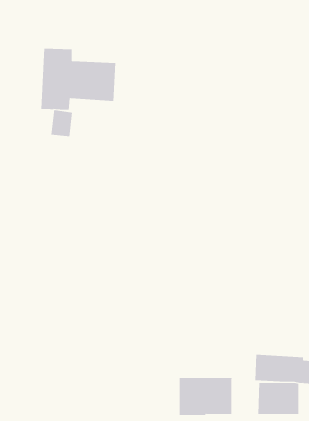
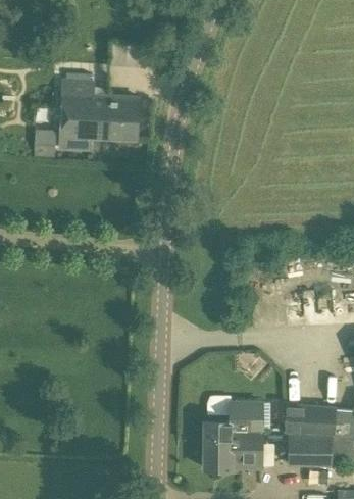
building: [51,110,73,137] -> [33,128,56,156]
building: none -> [204,398,268,430]

